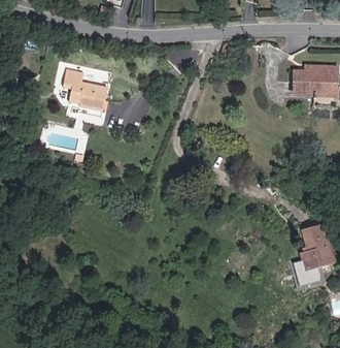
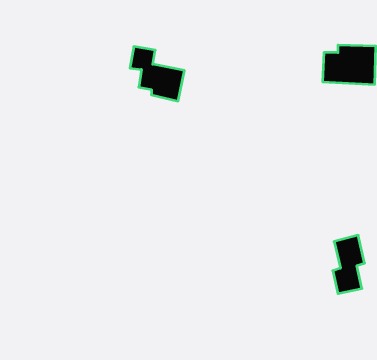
building: [65,65,109,109] -> [130,47,184,101]

